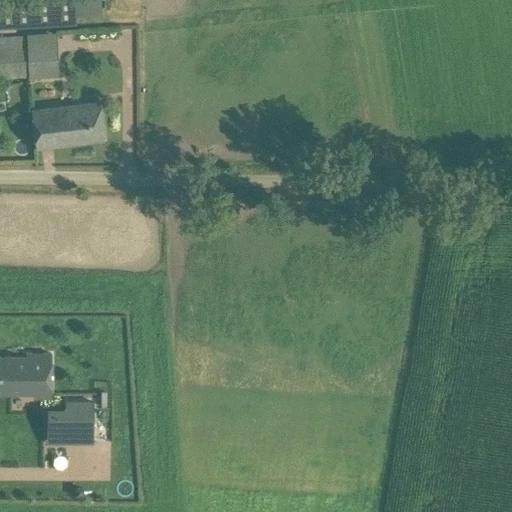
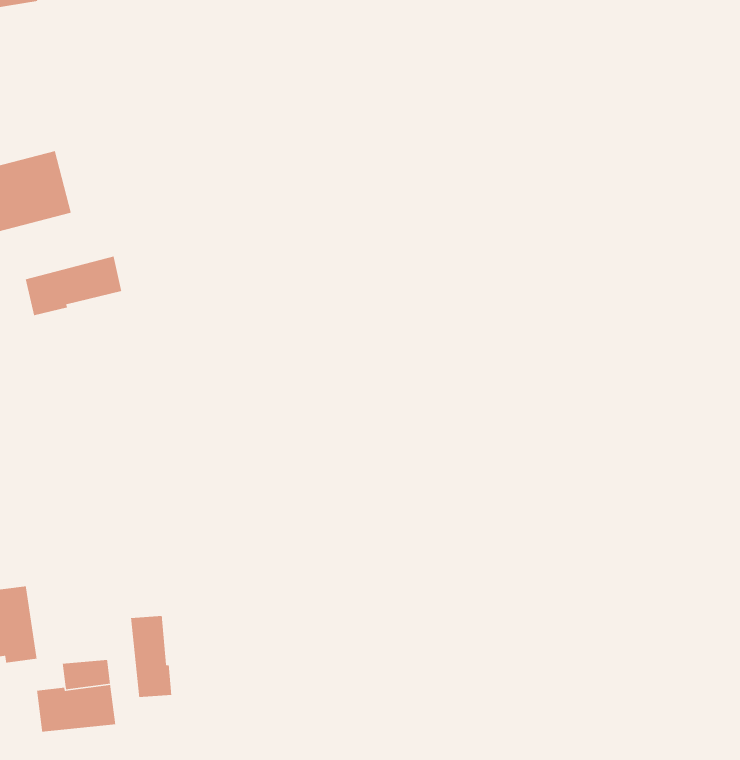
building: none -> [25,256,122,316]
building: none -> [130,615,172,698]

